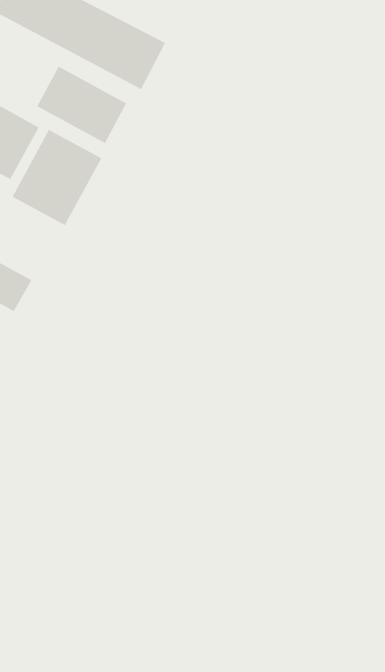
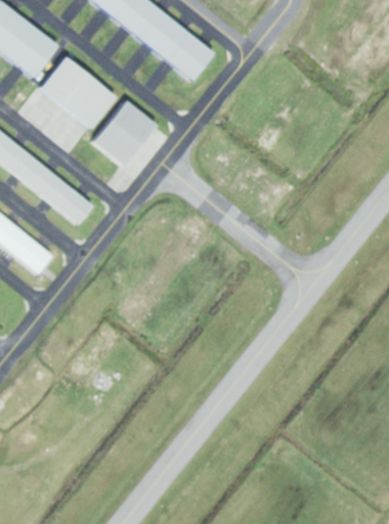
building: [36,66,127,144] -> none

